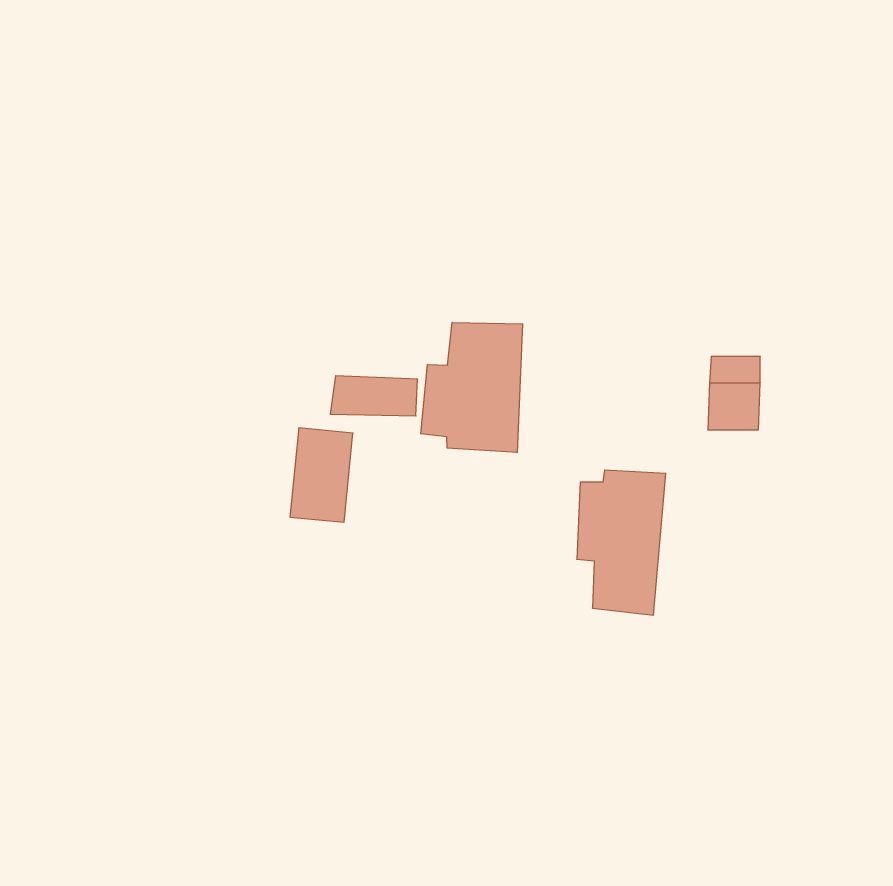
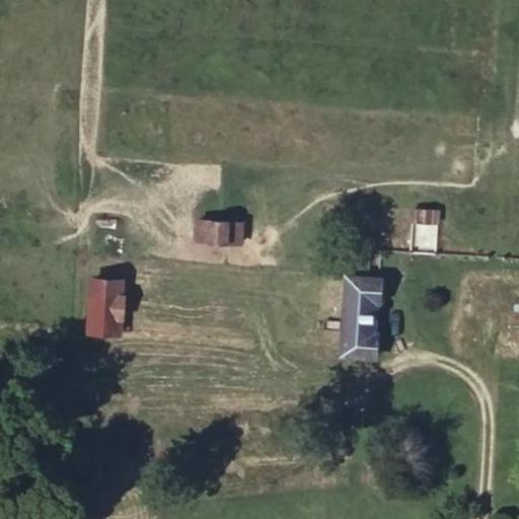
building: [421,322,523,453] -> none
building: [290,428,353,522] -> [87,278,124,332]

